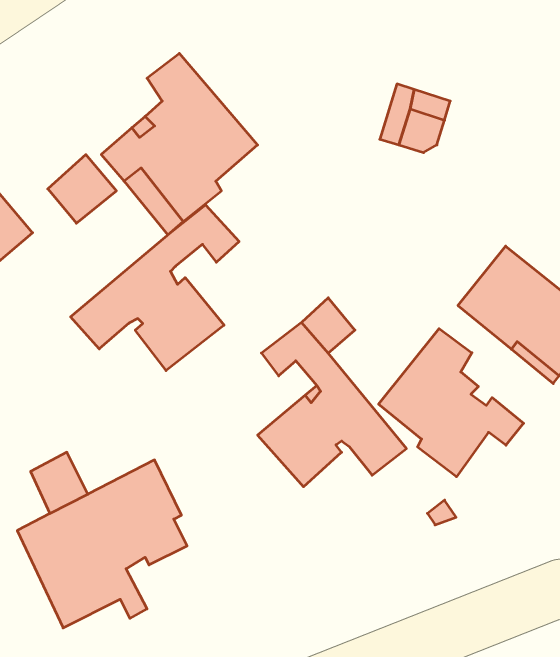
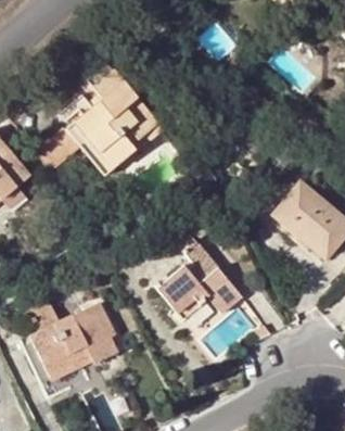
building: [71,205,239,371] -> none
building: [379,329,524,477] -> none

